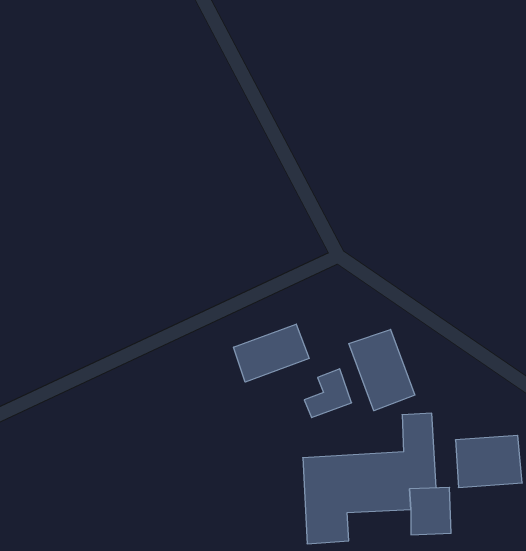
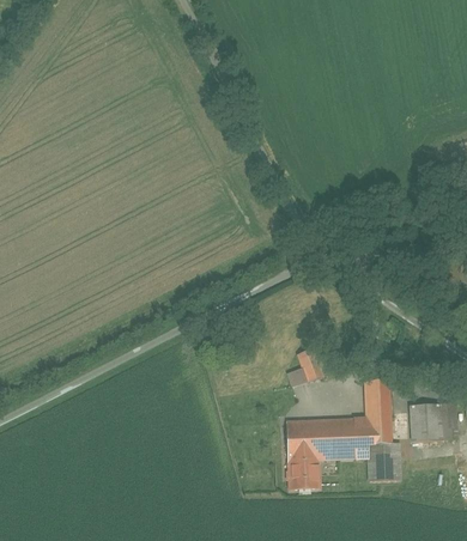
building: [234,324,309,382] -> none
building: [349,329,415,411] -> none

